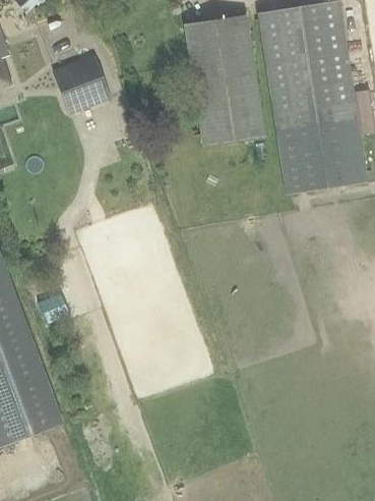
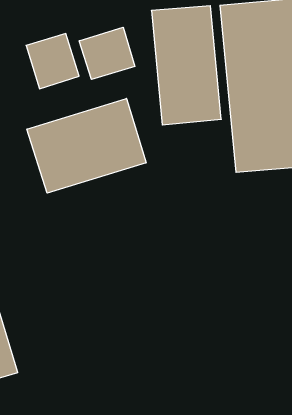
building: none -> [79,27,135,79]
building: none -> [27,98,146,193]

